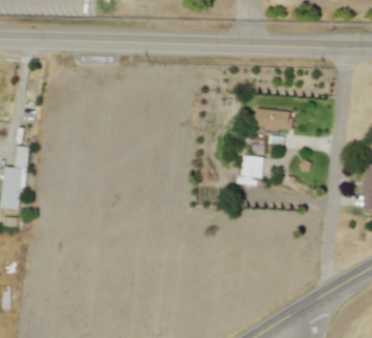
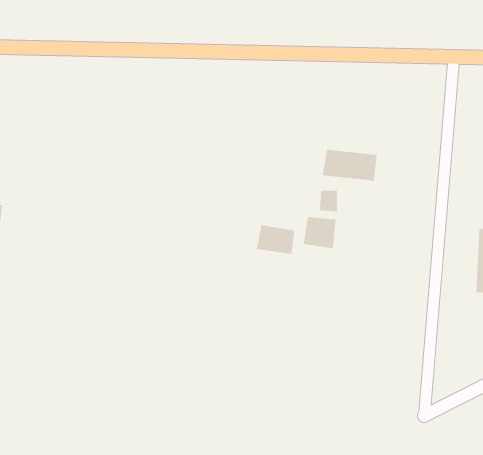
building: none -> [256,224,295,255]

